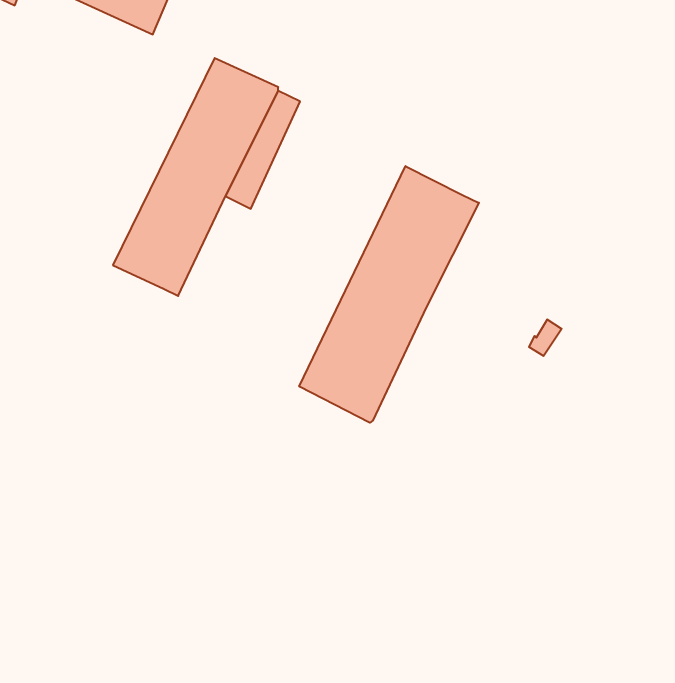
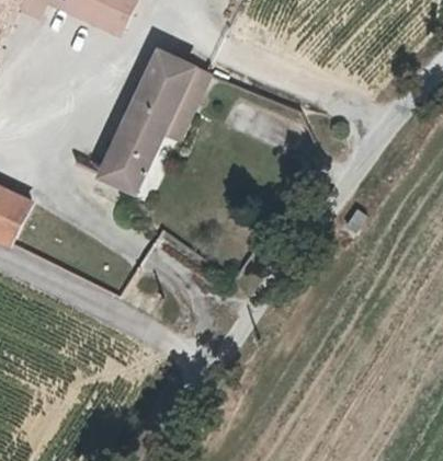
building: [299,166,479,423] -> none

